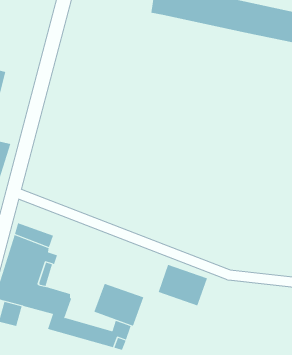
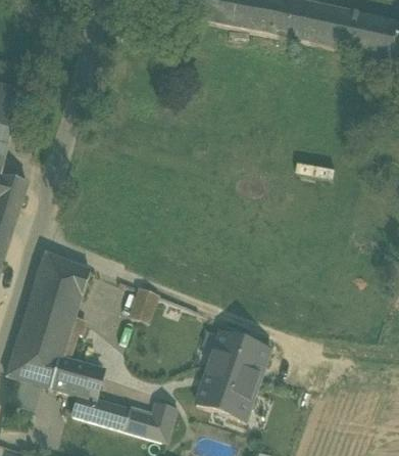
building: none -> [35,250,89,295]
building: [93,283,144,327] -> [196,366,259,420]

